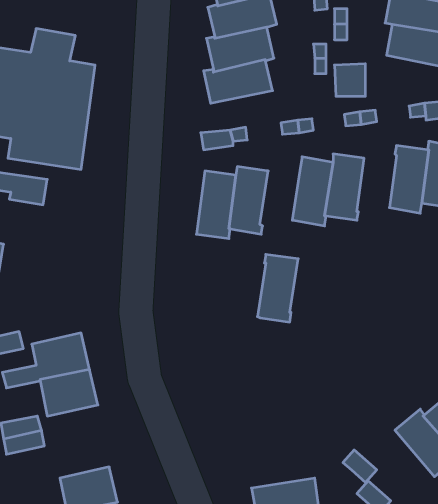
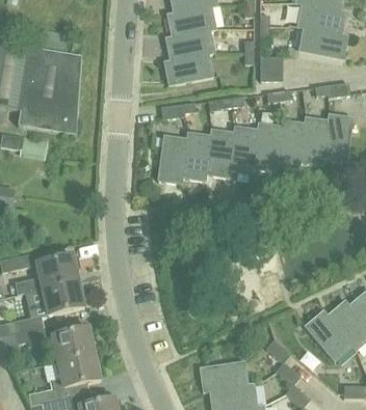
building: none -> [276,119,305,168]
building: [257,254,298,322] -> [204,129,234,179]
building: none -> [51,327,93,361]

